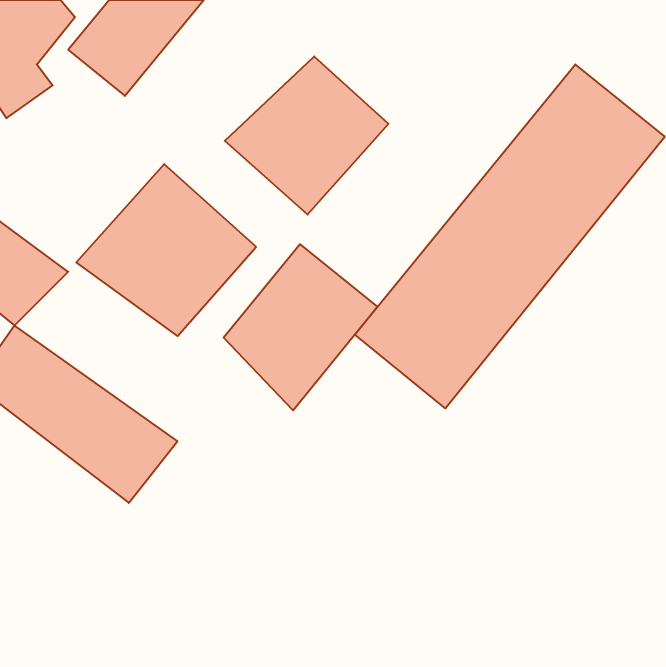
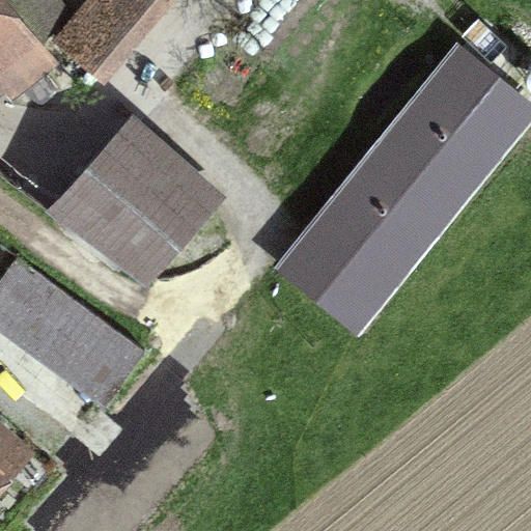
building: [225,56,388,215] -> none
building: [224,244,378,410] -> none

